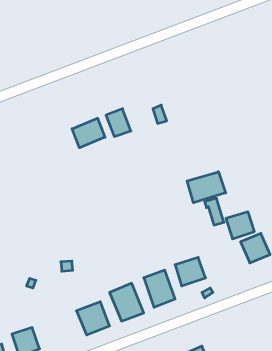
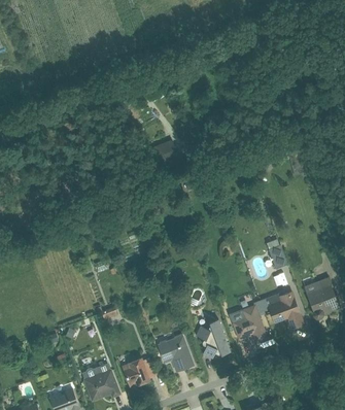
building: [72,118,105,148] -> none
building: [187,172,226,203] -> none
building: [226,212,254,239] -> [268,292,300,321]
building: none -> [81,363,120,402]

